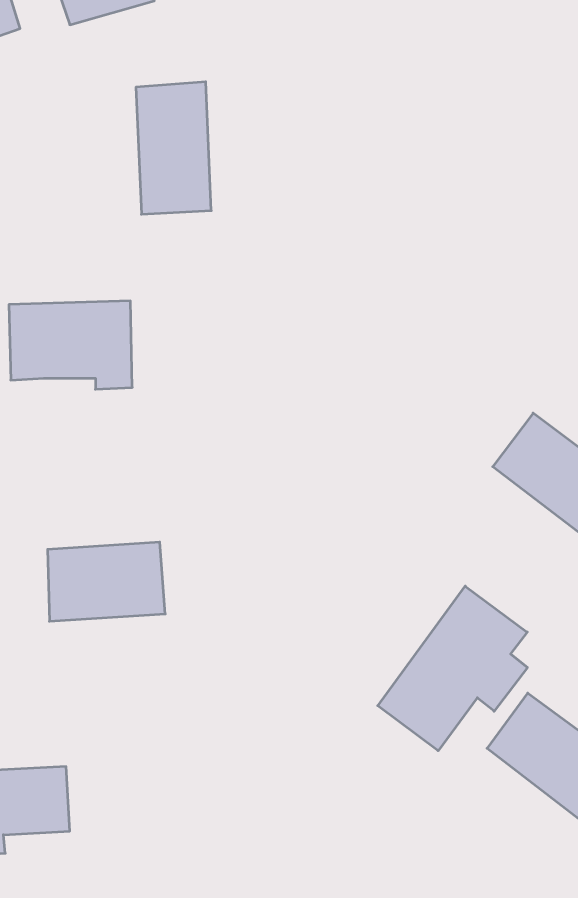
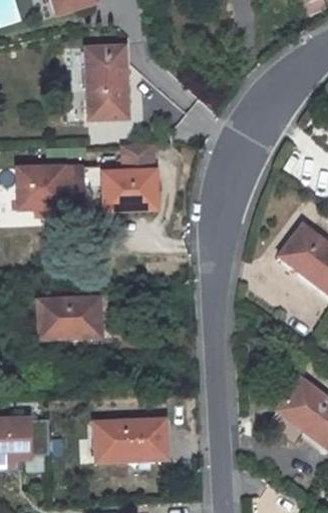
building: none -> [102,141,157,209]
building: [378,586,527,751] -> none
building: none -> [94,417,166,459]

